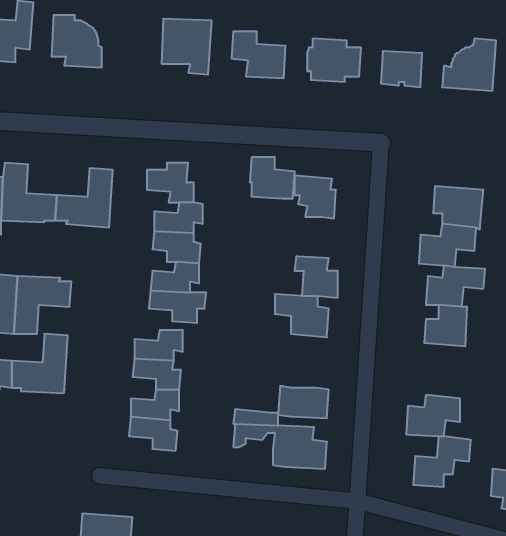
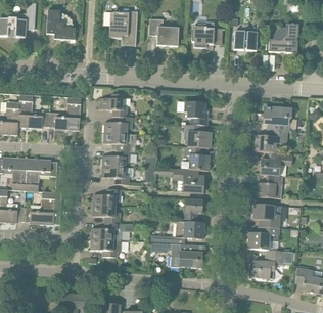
building: [250,157,295,198] -> [185,125,211,148]
building: none -> [182,199,202,222]
building: none -> [252,204,280,228]

